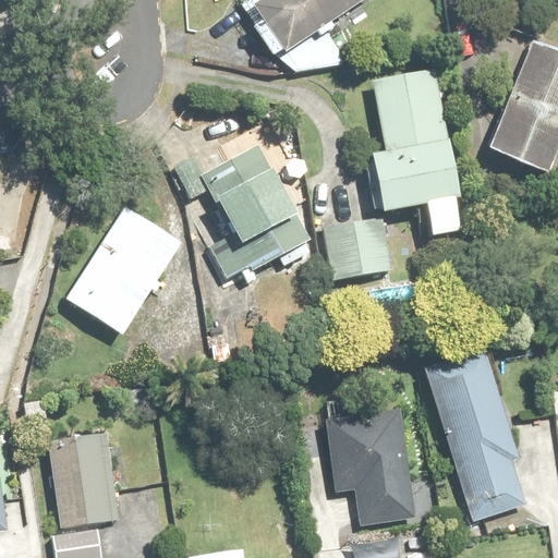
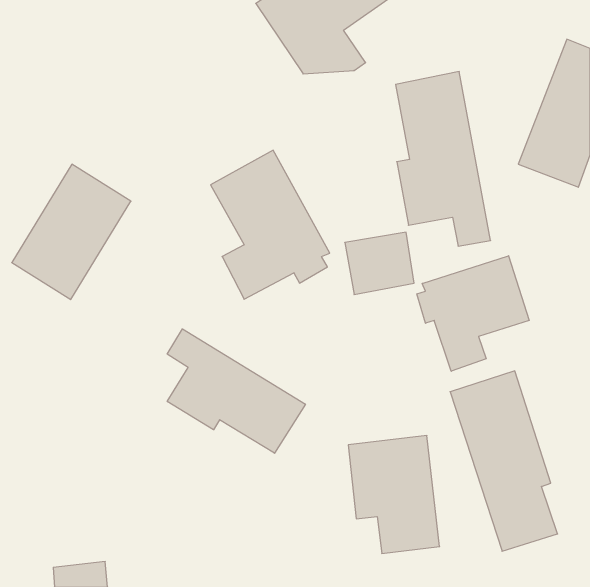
building: [69,205,181,332] -> [12,164,131,300]
building: none -> [417,256,529,371]
building: none -> [167,329,305,453]
building: [47,430,114,527] -> none

